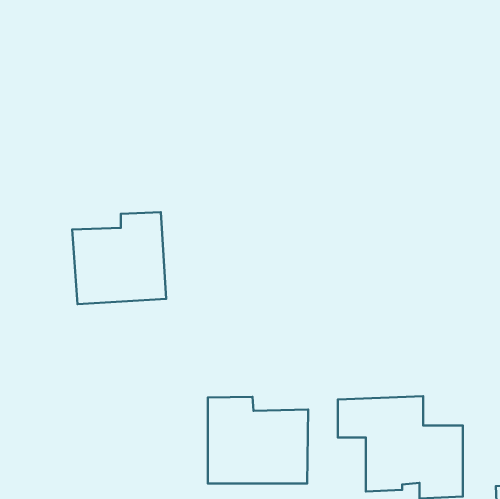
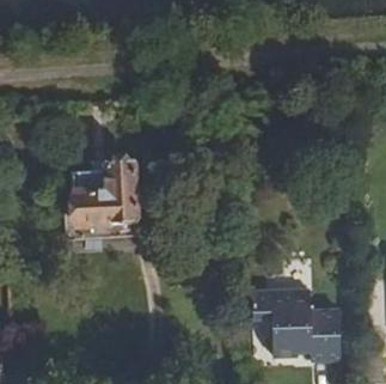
building: [208,397,308,484] -> none

